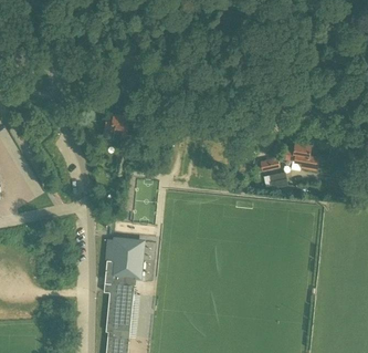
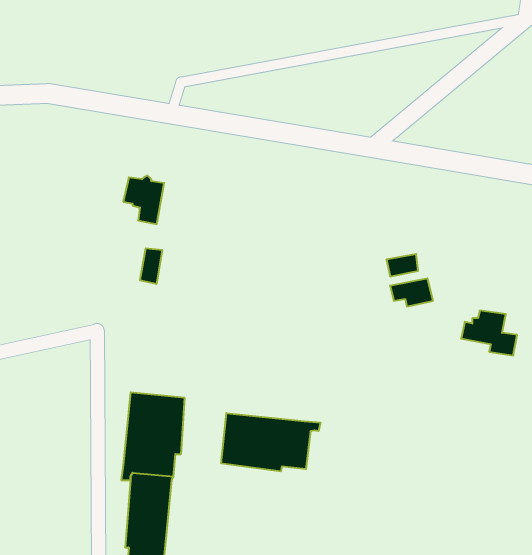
building: [285,143,318,169] -> [461,311,517,355]
building: none -> [221,413,321,471]

